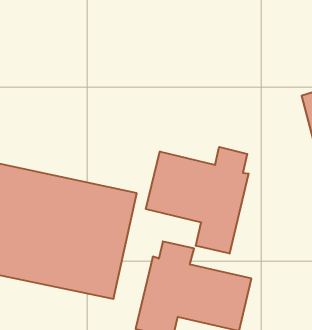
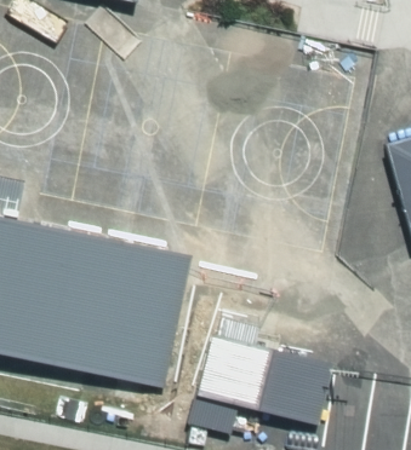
building: [146,147,249,254] -> none

